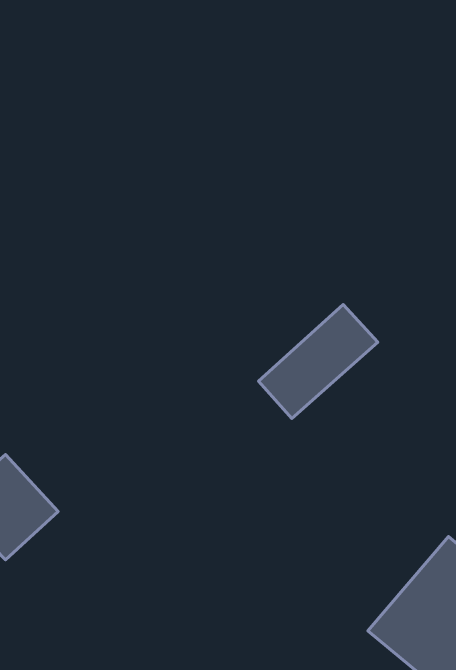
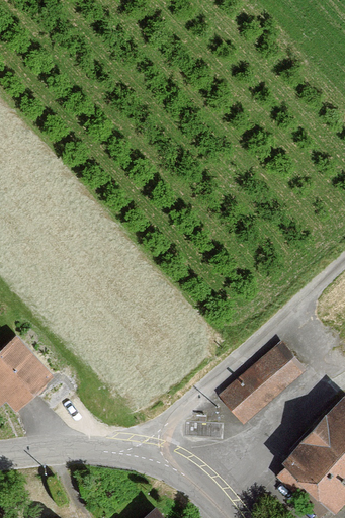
building: [258,305,378,419] -> [223,342,310,425]

